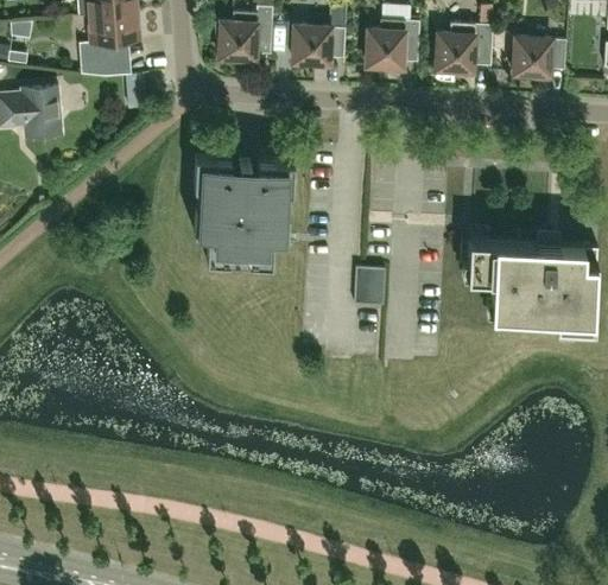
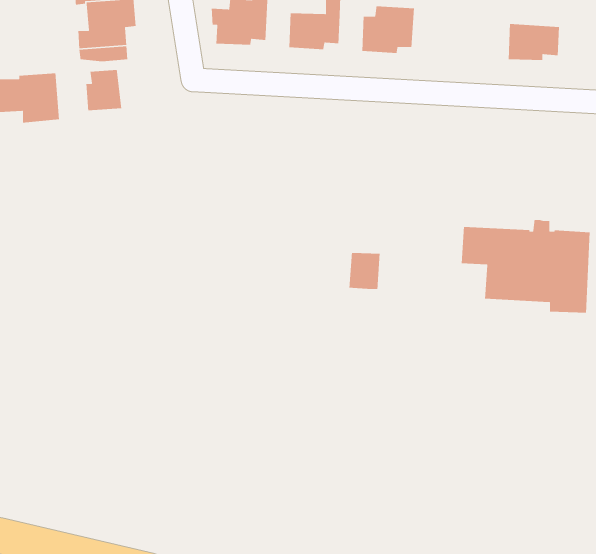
building: [436,24,492,72] -> none
building: none -> [85,69,122,111]
building: [192,158,293,266] -> none

